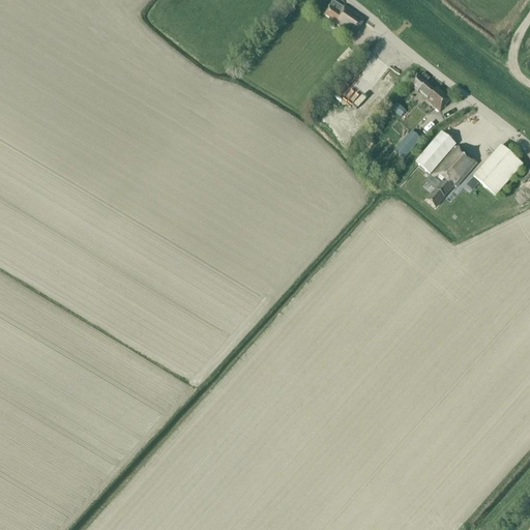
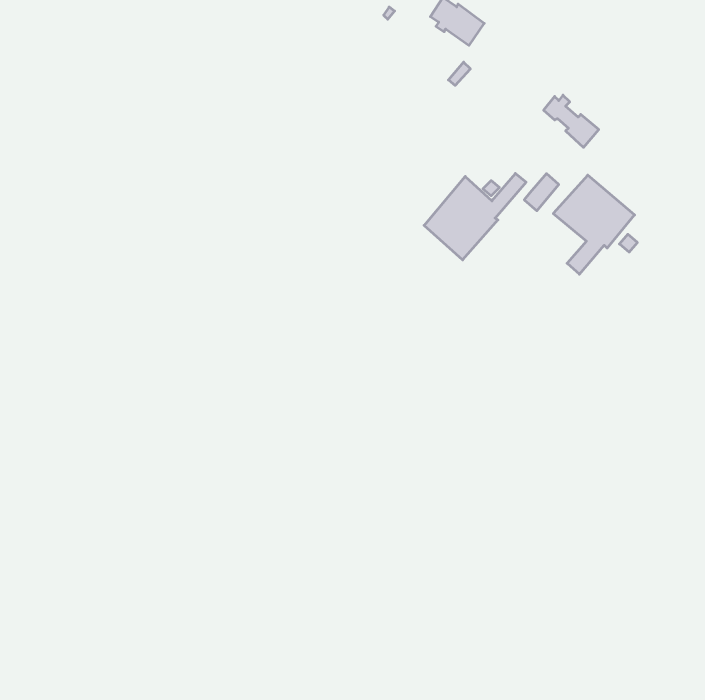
building: none -> [424,173,526,260]
building: [473,144,522,195] -> none

